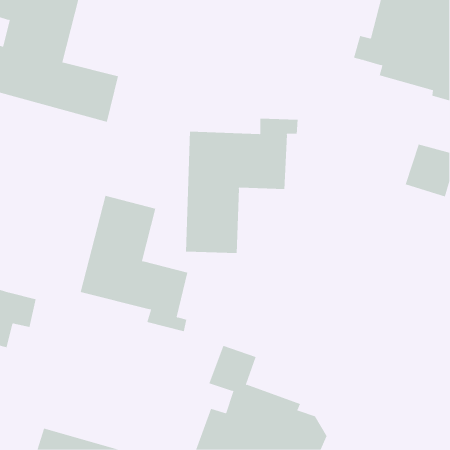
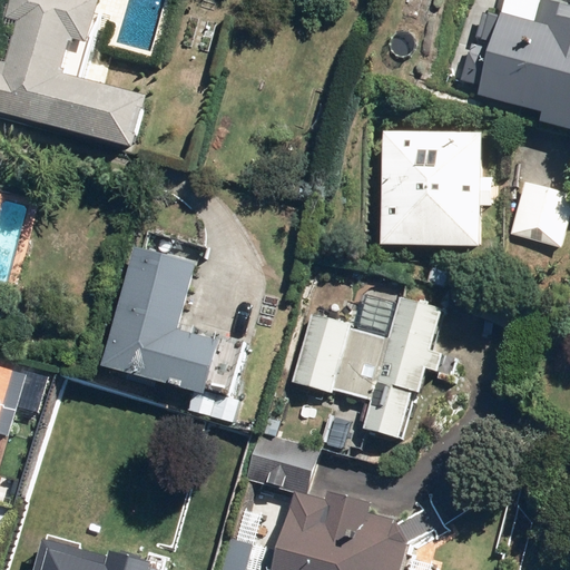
building: none -> [379,130,495,249]
building: [186,118,298,254] -> none
building: none -> [292,295,443,439]

